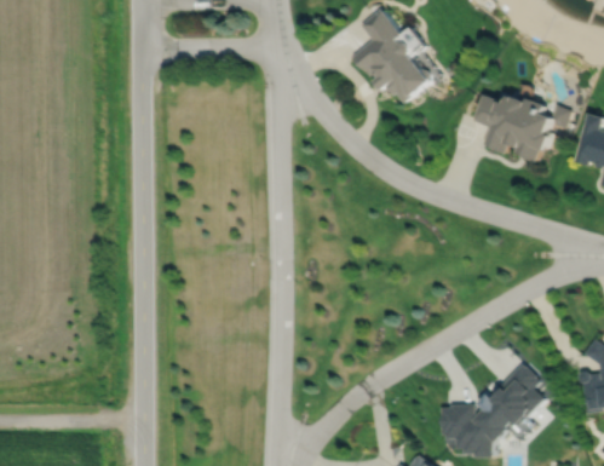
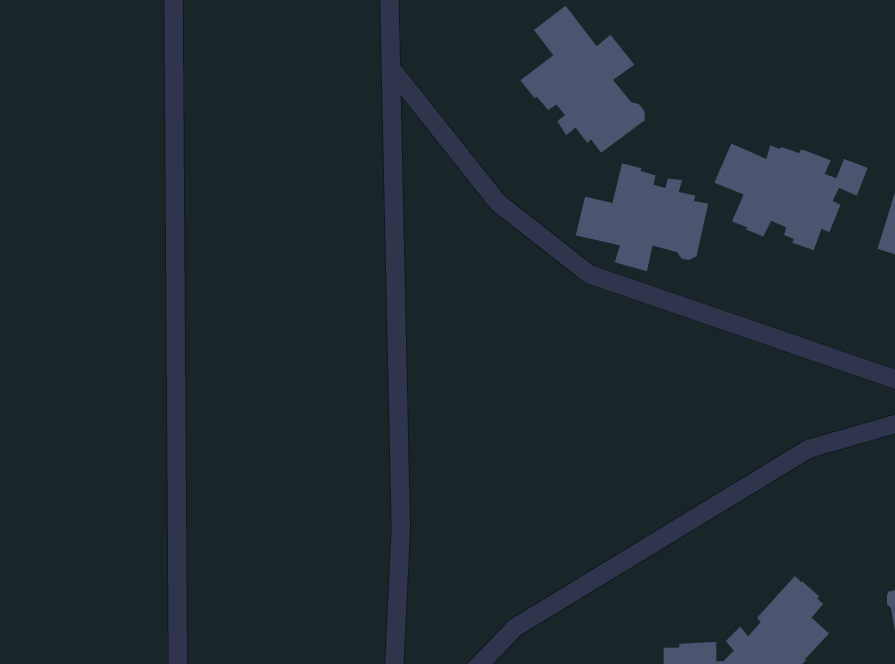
building: none -> [575,162,709,272]

